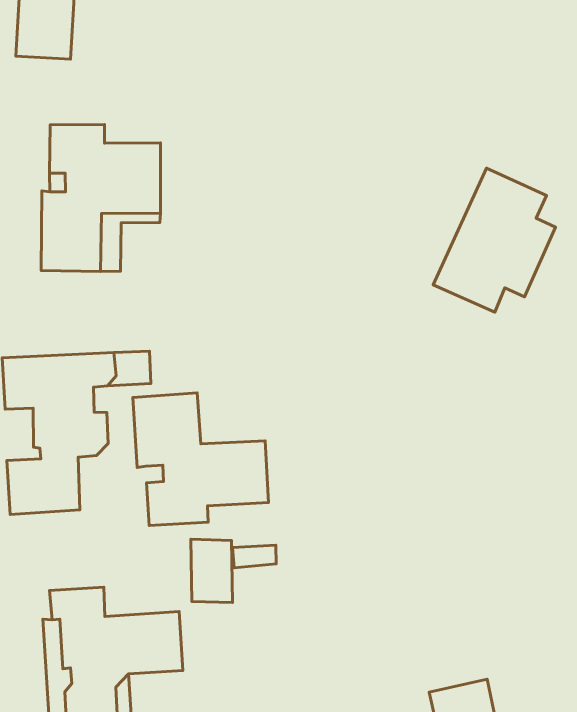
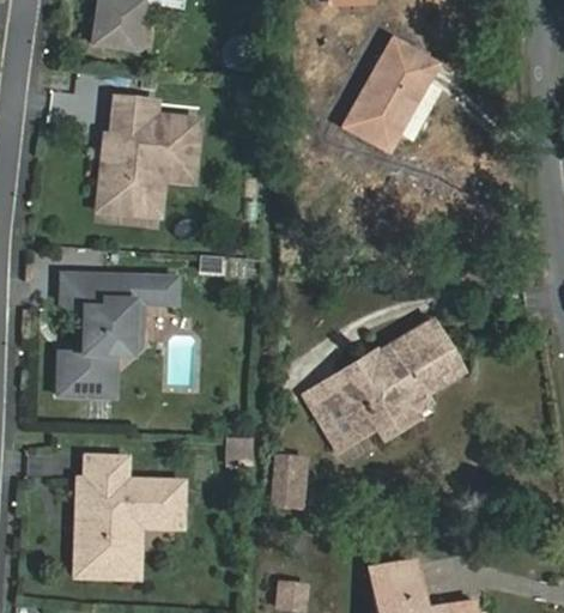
building: [433,168,556,312] -> [342,36,441,147]
building: none -> [305,321,461,445]
building: [133,393,268,525] -> none
building: [191,539,232,603] -> [271,453,305,504]

